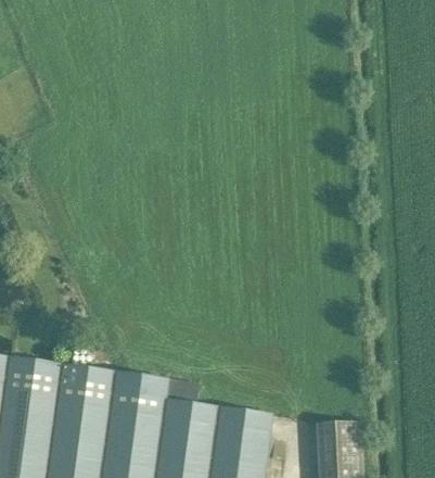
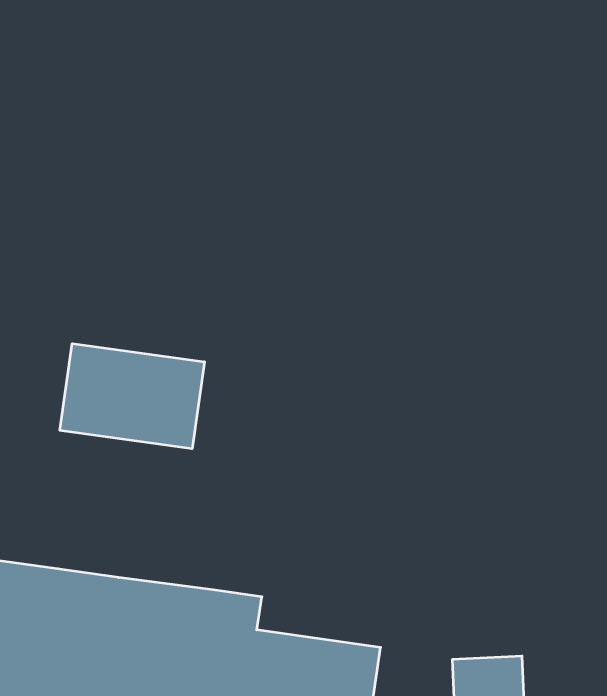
building: none -> [60,344,204,449]

